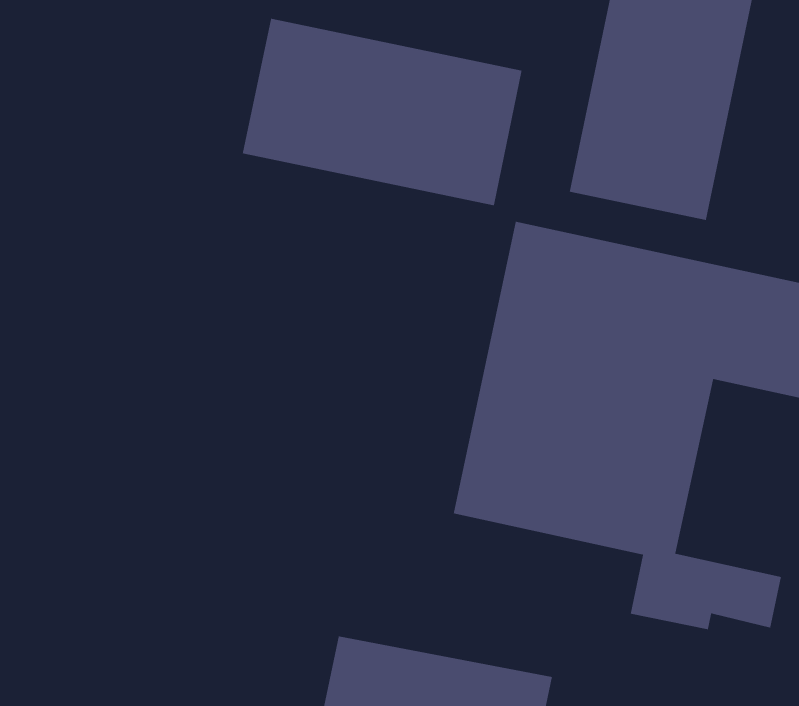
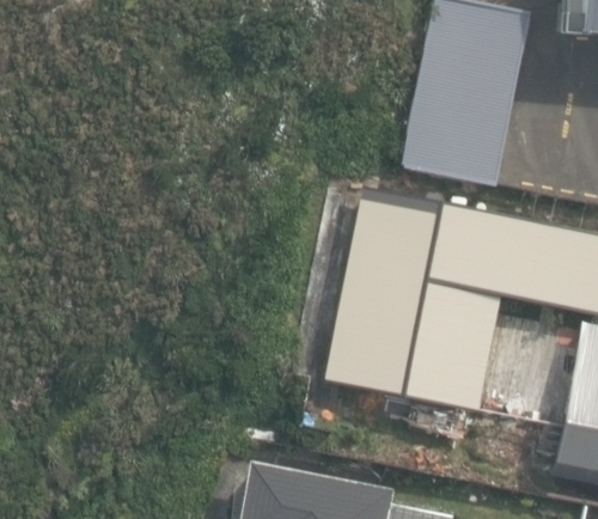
building: [242,18,523,206] -> none

